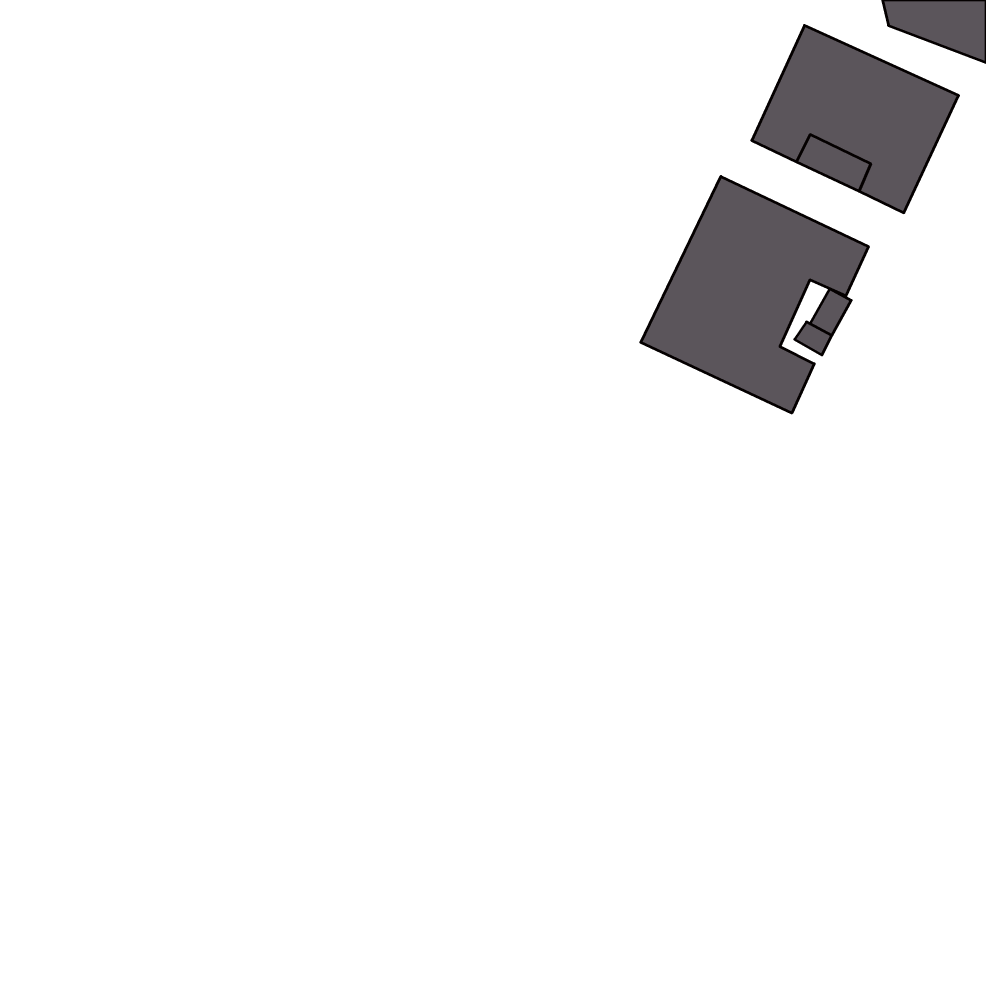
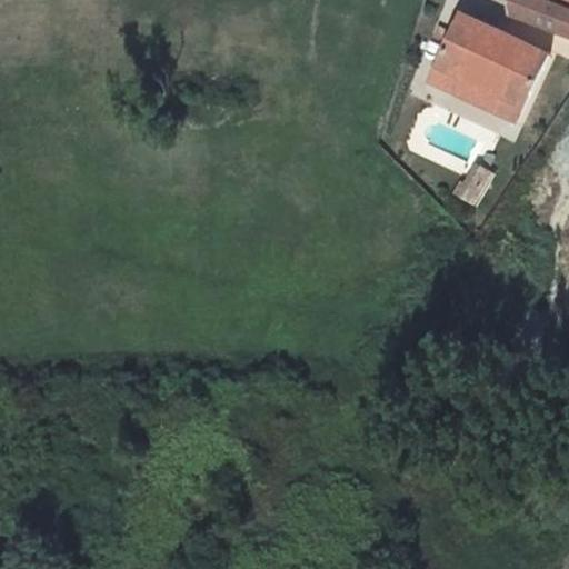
building: [641,176,868,413] -> none

